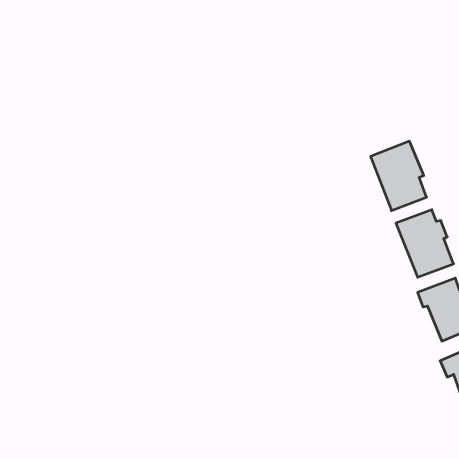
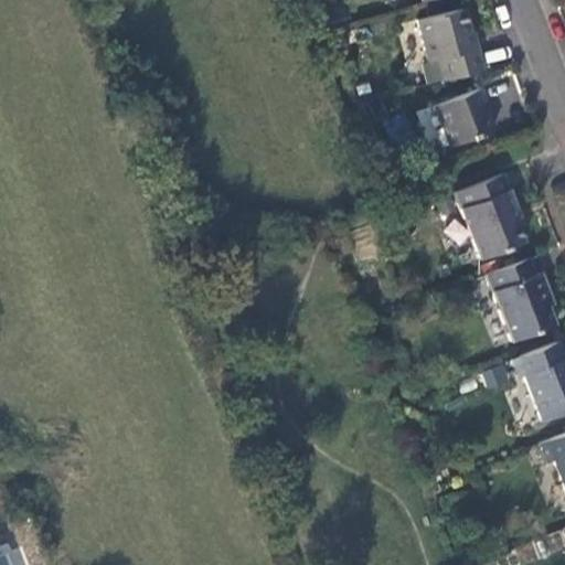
building: none -> [416,10,481,84]
building: none -> [430,89,490,150]

